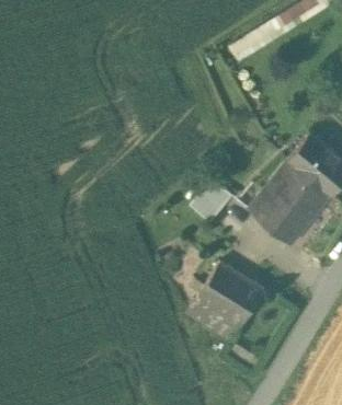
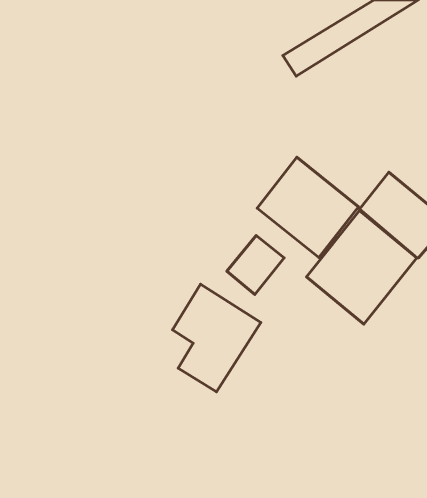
building: none -> [257,157,358,258]
building: [197,262,263,342] -> [172,284,261,392]

